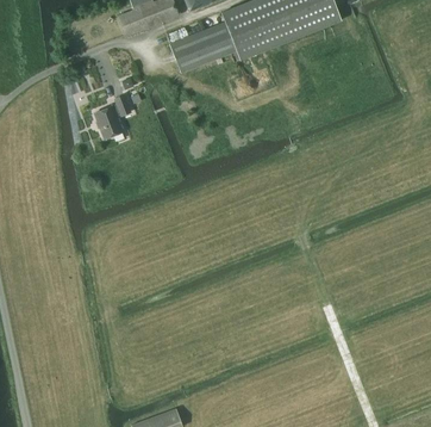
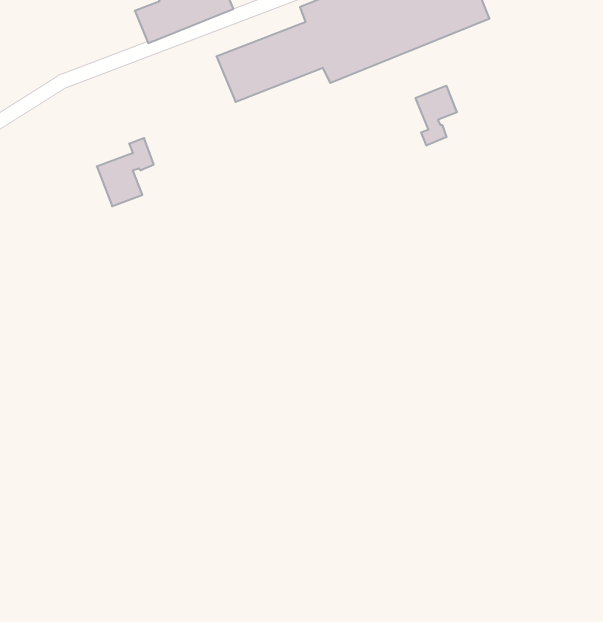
building: none -> [416,86,457,146]

